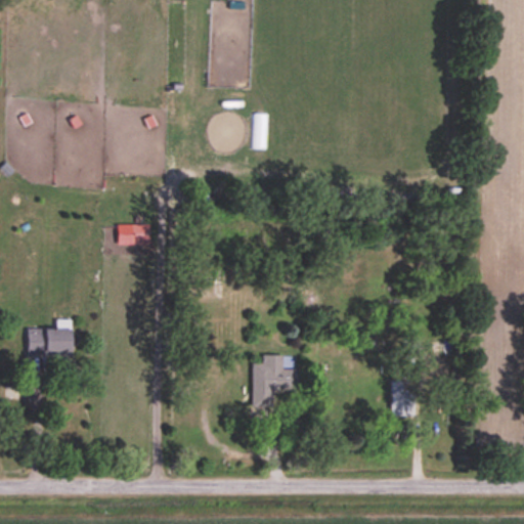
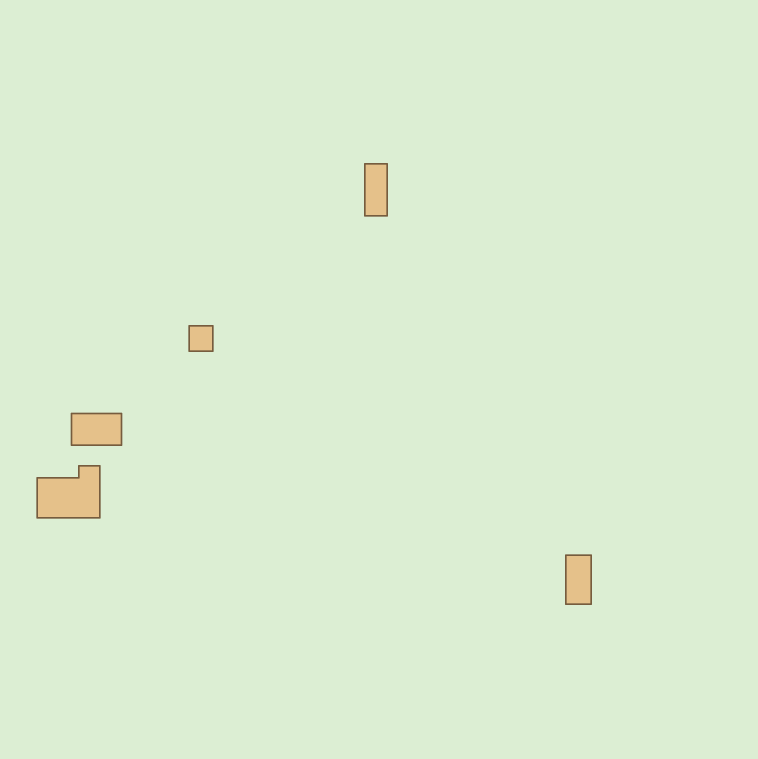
building: none -> [72,414,121,445]
building: [252,354,300,405] -> none

